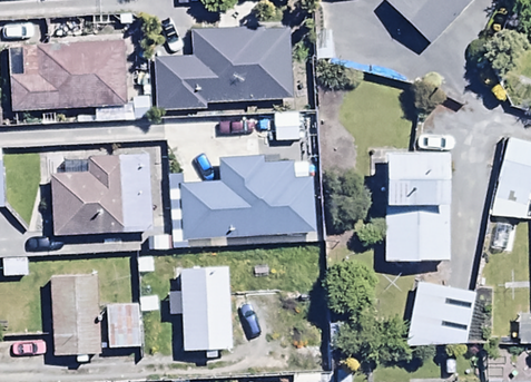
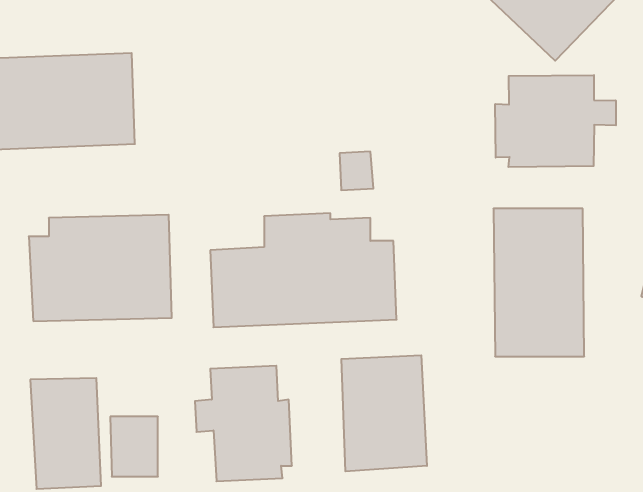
building: [156,29,294,107] -> none
building: none -> [495,75,616,167]
building: none -> [341,355,427,471]
building: [406,280,478,344] -> none

